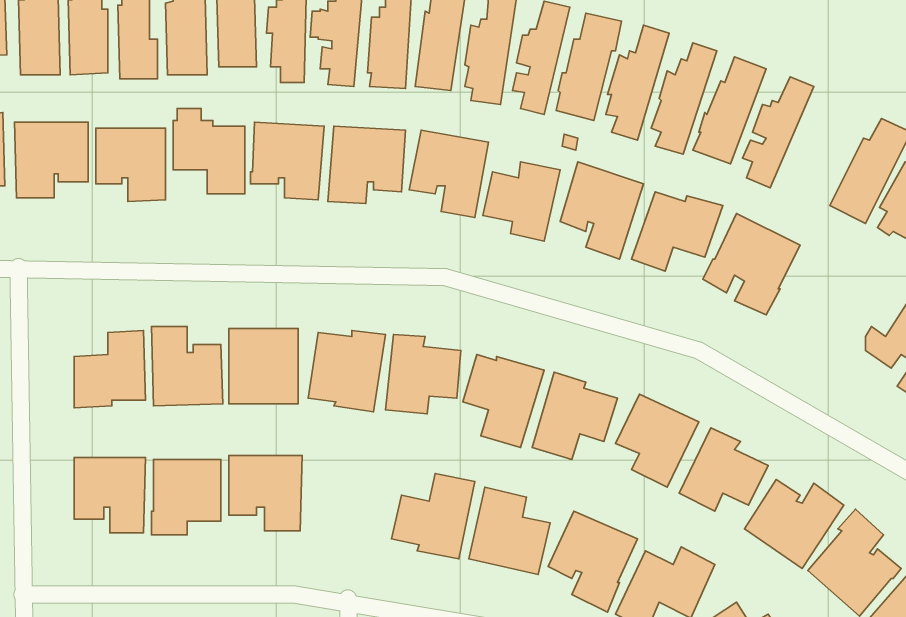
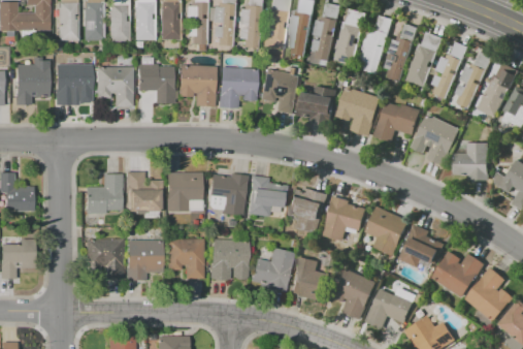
building: none -> [457,52,495,108]
building: none -> [455,142,490,180]
building: none -> [209,240,249,279]

